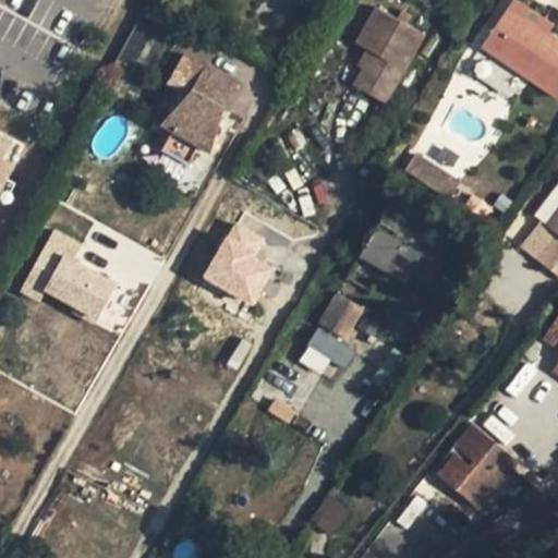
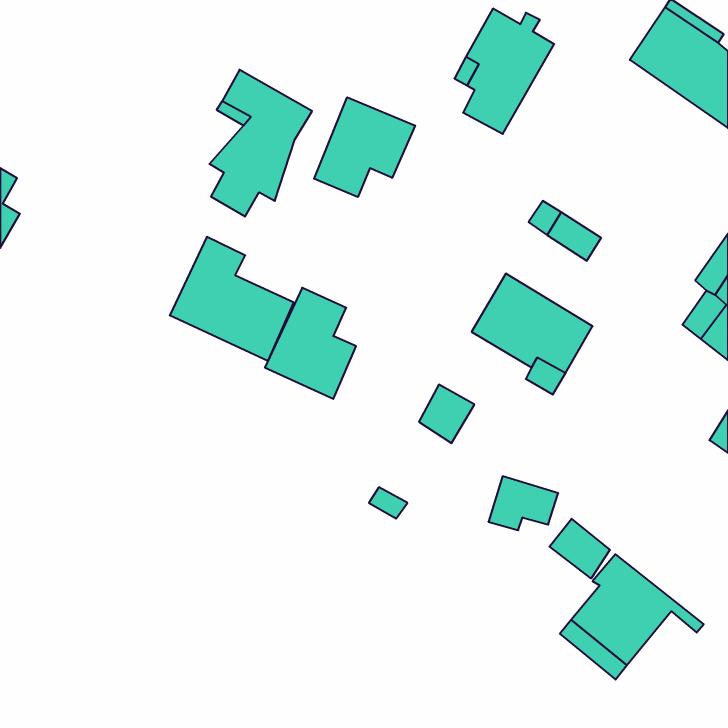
building: none -> [314,97,415,197]
building: [23,228,118,323] -> [170,237,294,361]
building: [301,330,354,372] -> [488,476,558,530]
building: none -> [549,519,610,578]

